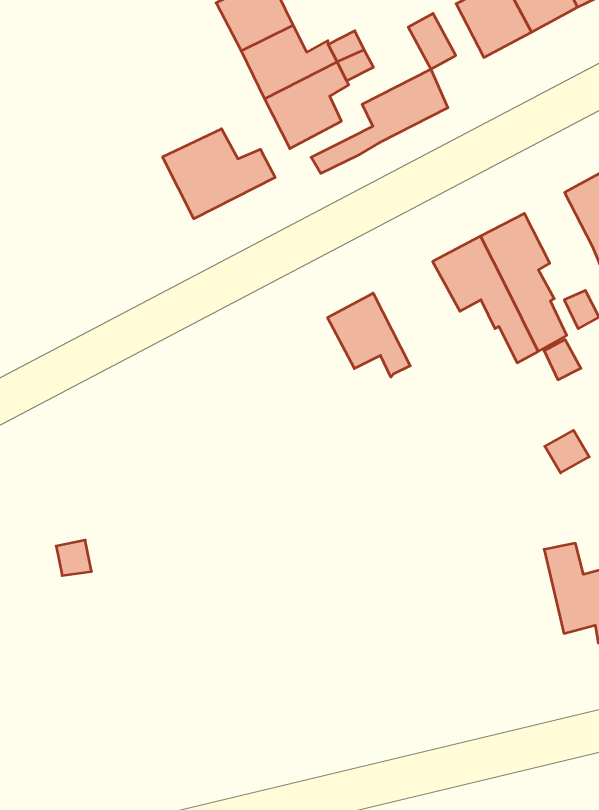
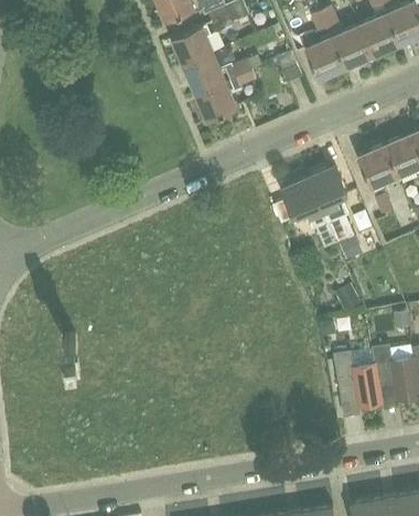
building: [311,69,448,173] -> none
building: [163,129,275,219] -> none
building: [328,293,410,377] -> none

